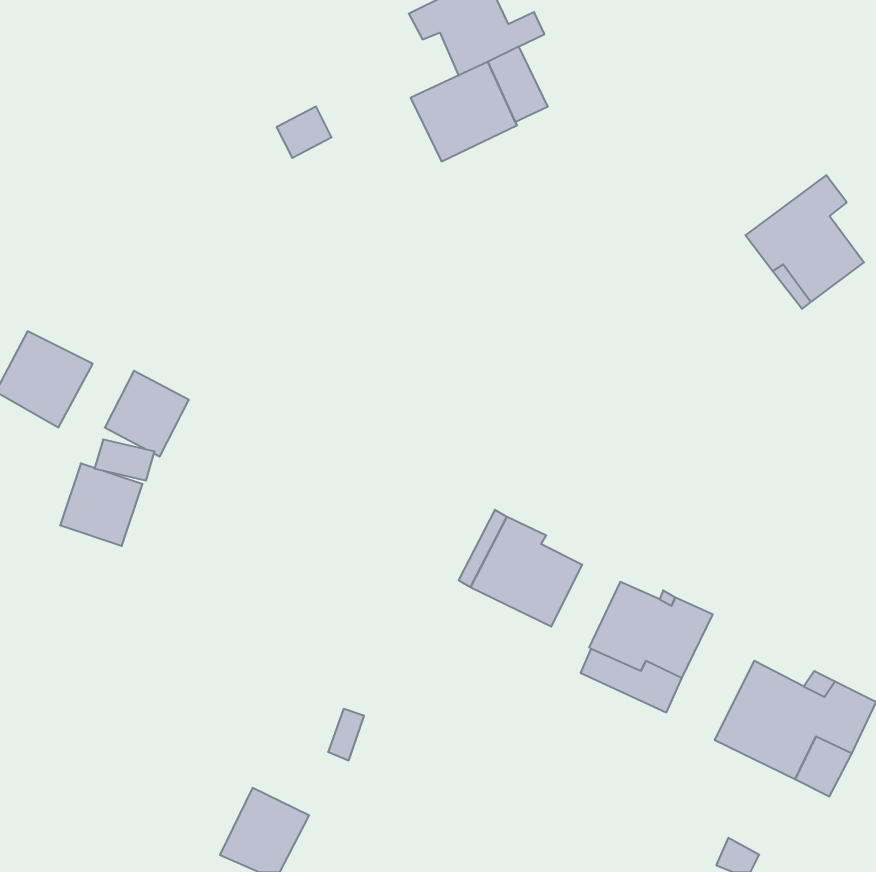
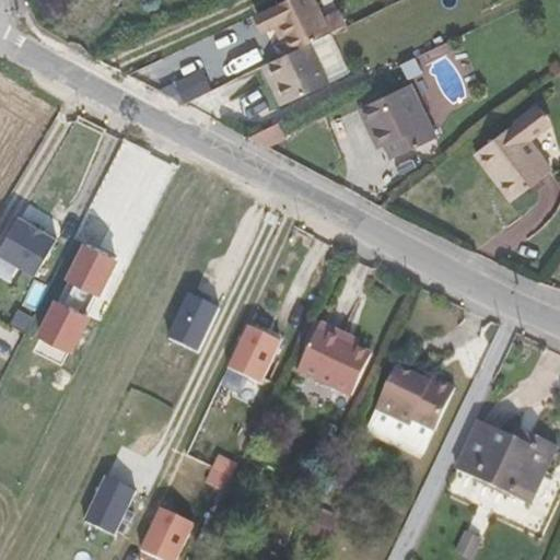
building: none -> [358,81,436,156]
building: none -> [168,289,221,348]
building: none -> [228,319,284,381]
building: none -> [84,471,138,533]

